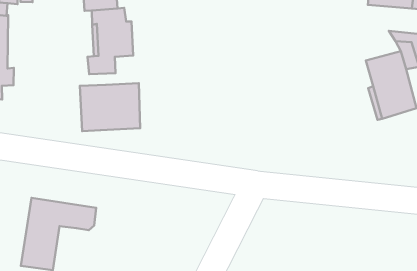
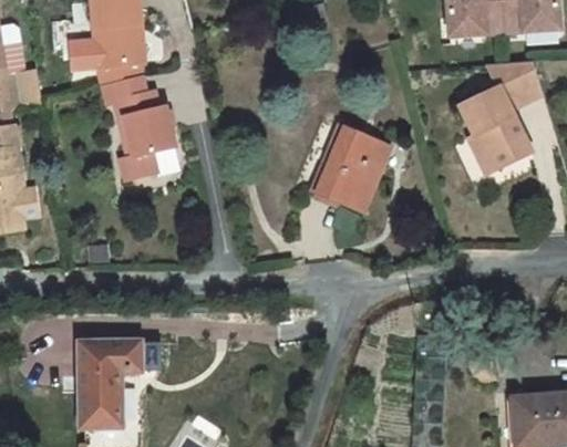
building: none -> [310,123,391,210]
building: [80,83,140,131] -> none

